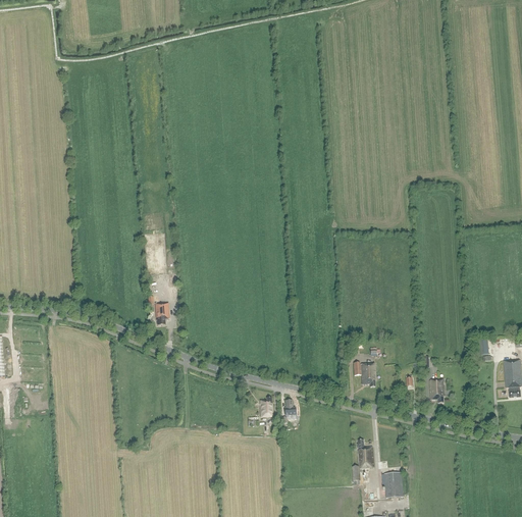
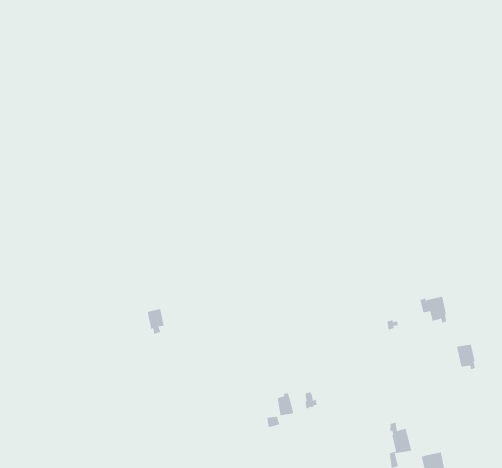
building: [354,361,376,386] -> [420,296,447,323]

